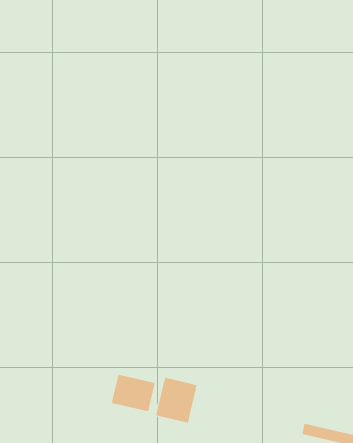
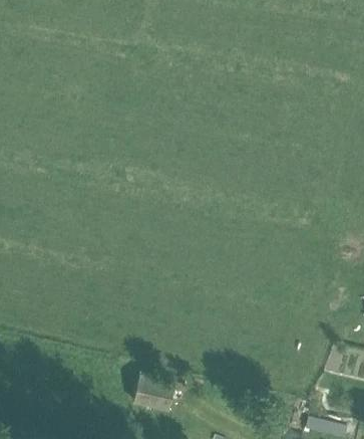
building: [156,377,197,424] -> none

